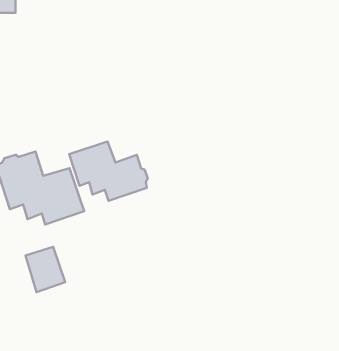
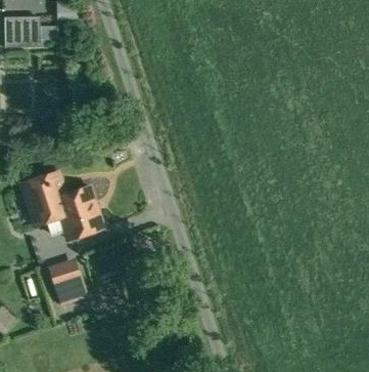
building: [69,141,148,201] -> none

